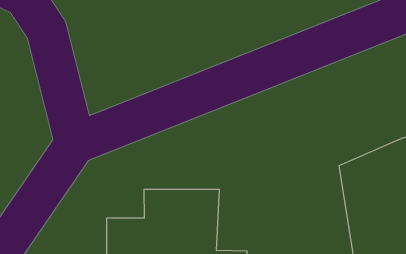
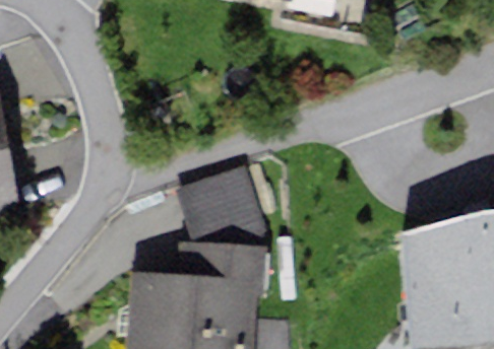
building: none -> [176,168,263,251]

